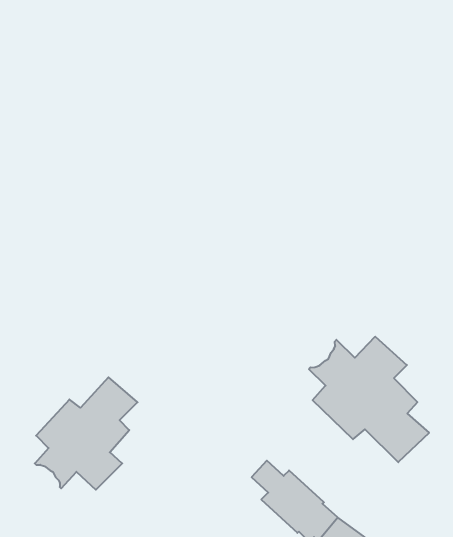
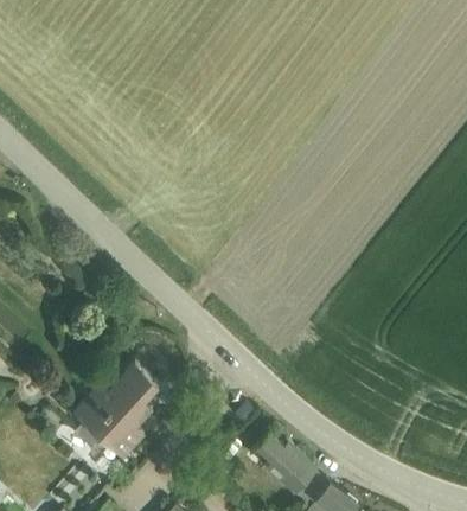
building: [309,337,429,462] -> none

